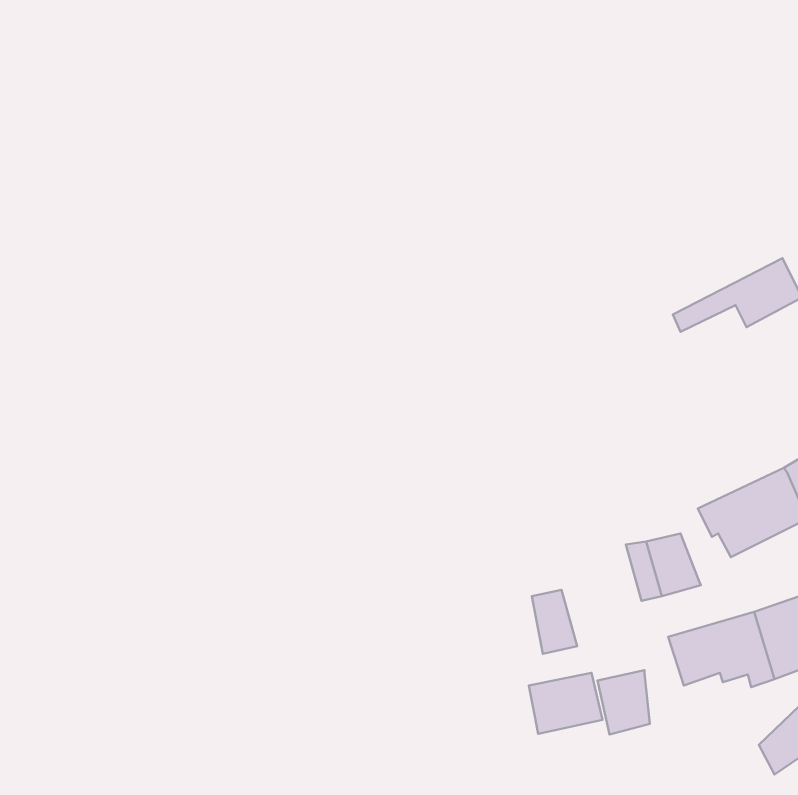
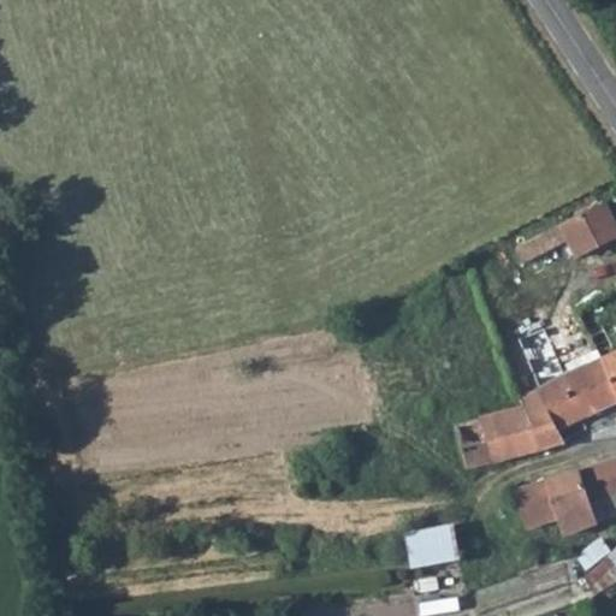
building: none -> [521,391,568,450]
building: [532,590,577,654] -> [460,419,494,468]
building: [598,670,650,735] -> none

